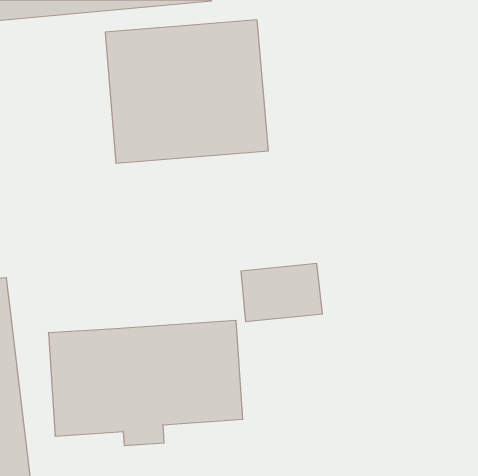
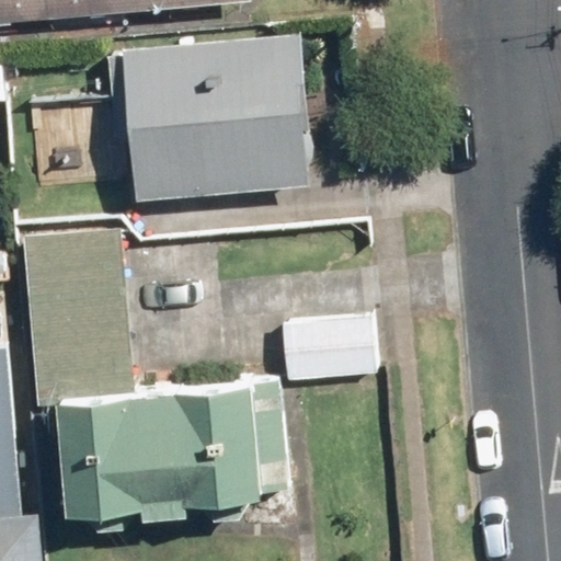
building: none -> [25,233,127,399]

